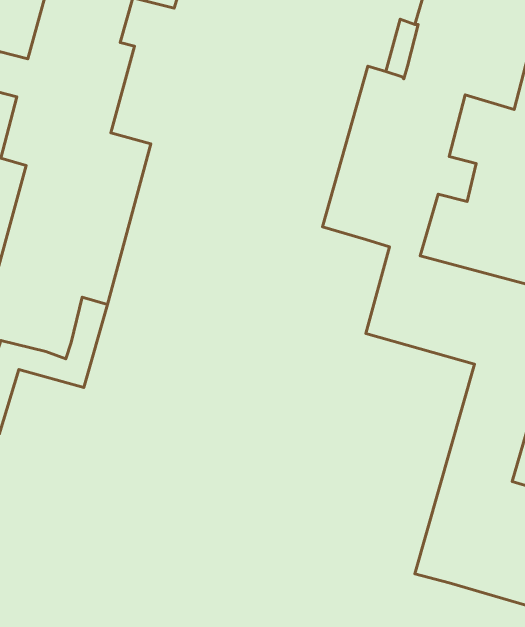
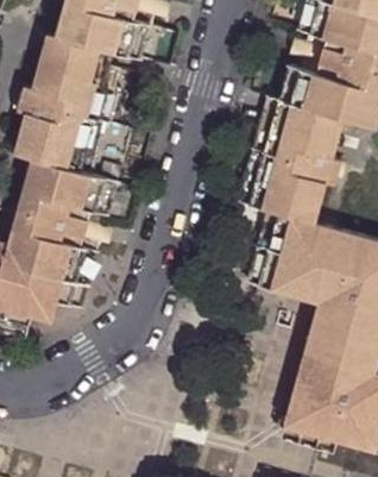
building: none -> [246,207,338,427]

